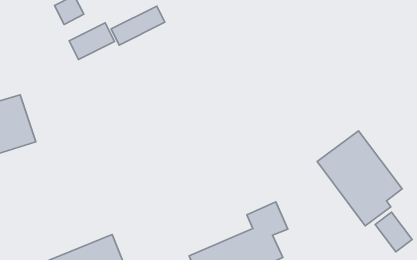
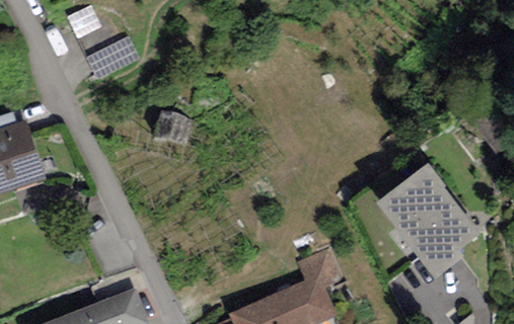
building: [111,6,165,45] -> none
building: none -> [152,109,193,146]
building: [375,212,412,252] -> none

